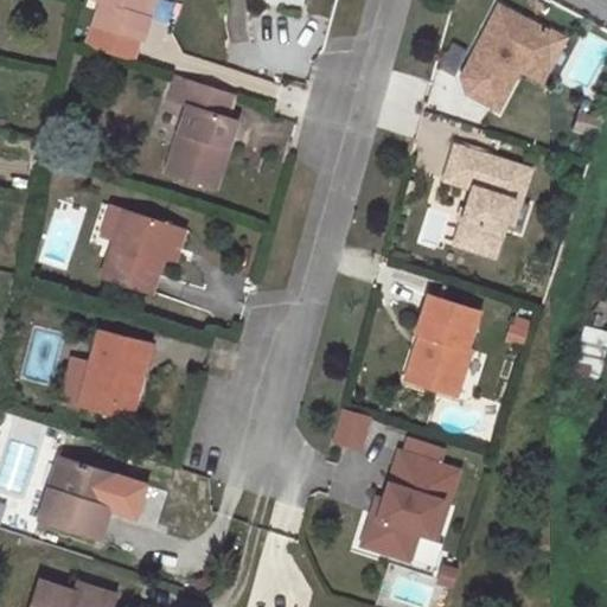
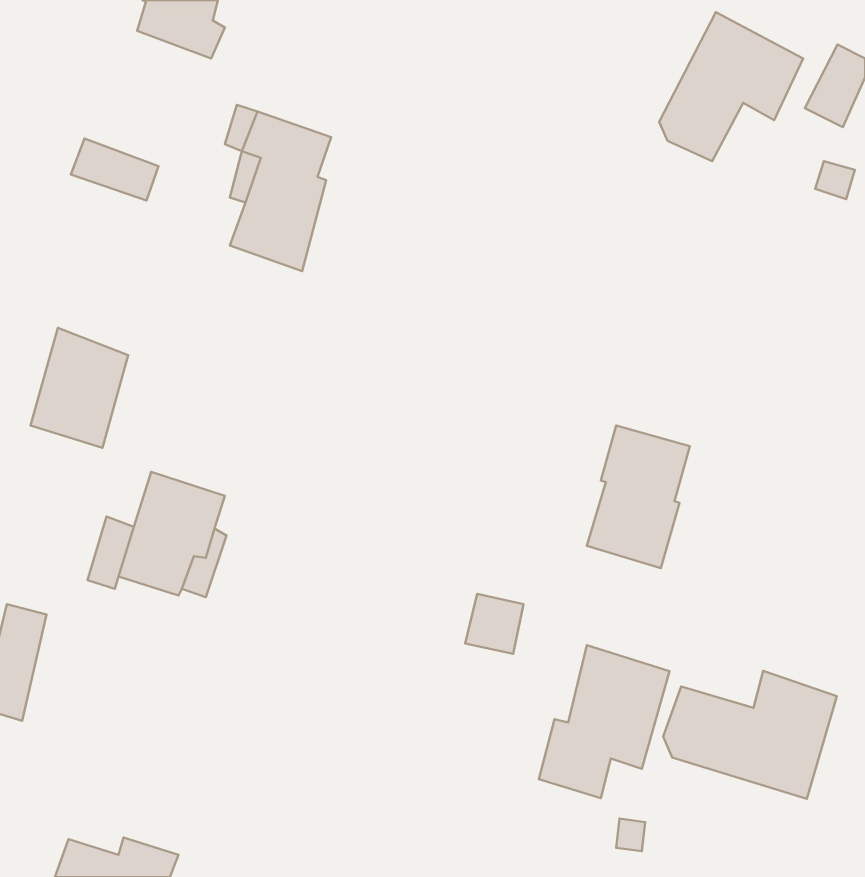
building: [85,21,146,64] -> [71,139,158,200]
building: [442,148,524,256] -> none
building: [104,207,172,290] -> [30,328,128,448]
building: [50,453,155,535] -> none
building: none -> [663,671,837,799]

